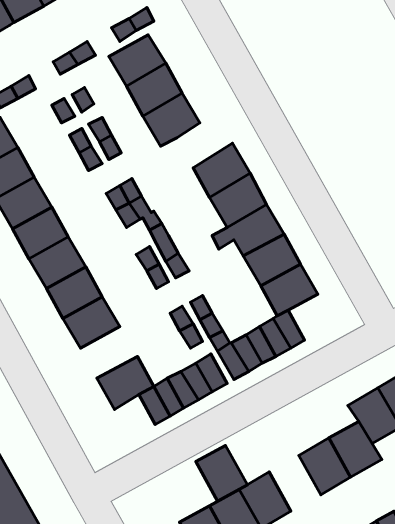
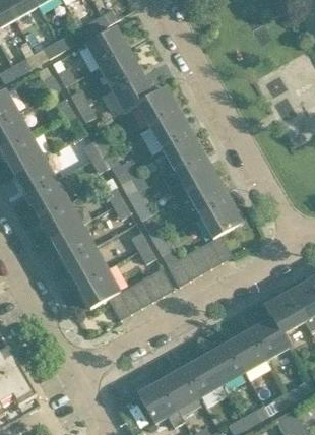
building: none -> [136,86,178,127]
building: none -> [64,246,107,285]
building: [196,445,247,501] -> [205,343,244,384]

